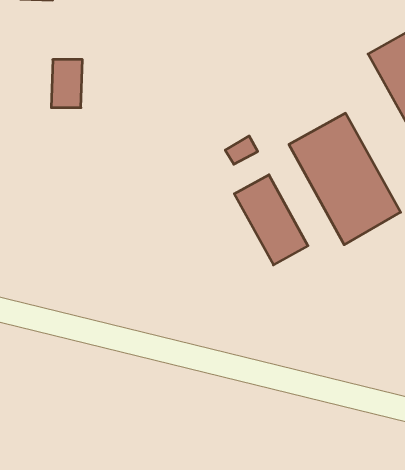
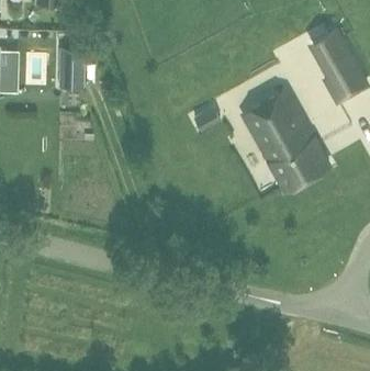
building: [234,175,308,265] -> none

